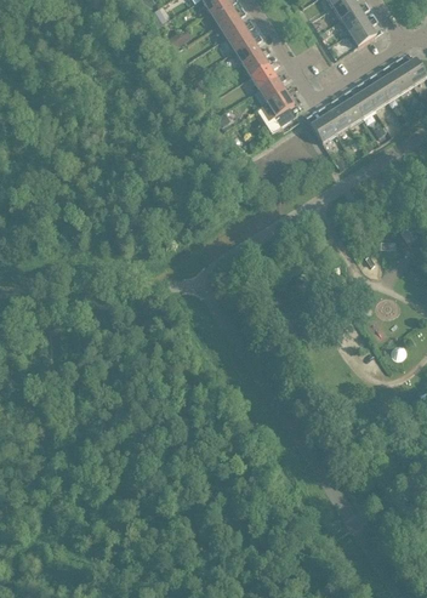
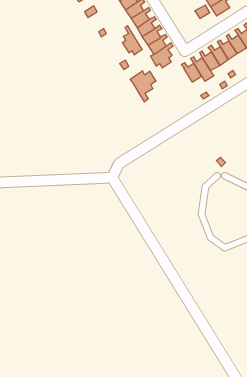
building: none -> [122,26,142,55]
building: none -> [130,71,156,102]

